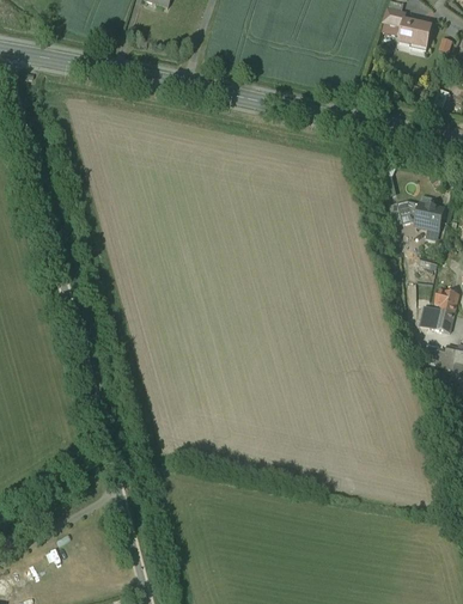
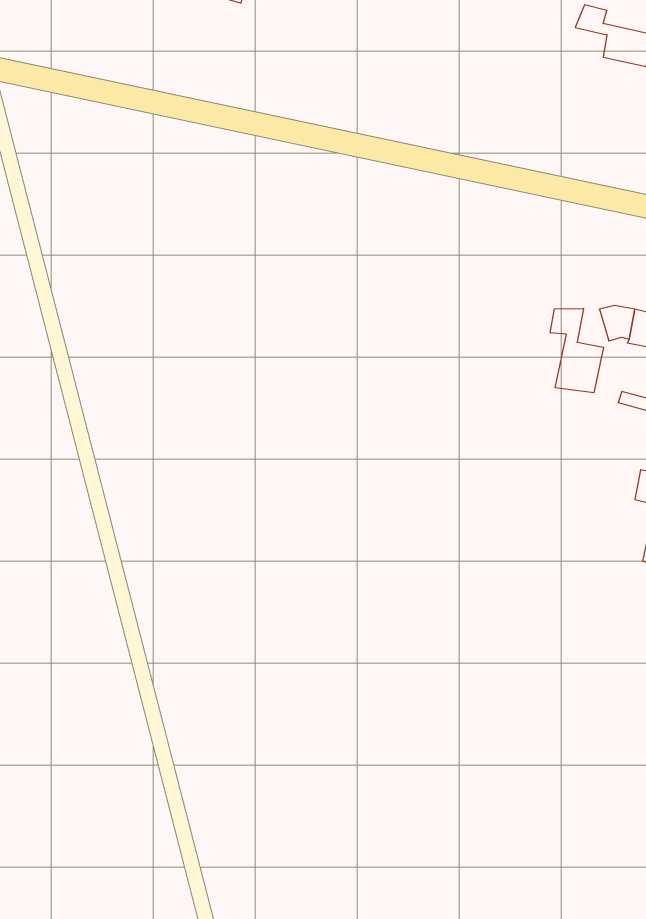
building: none -> [550,308,603,393]

